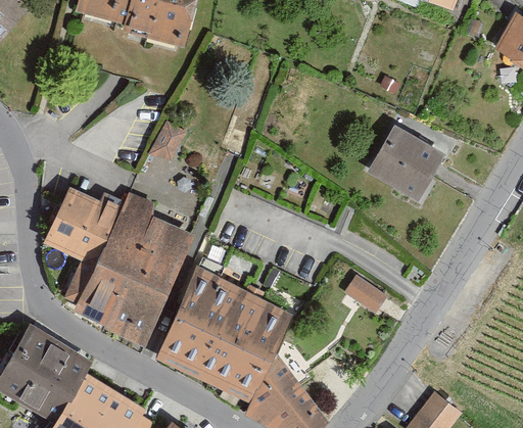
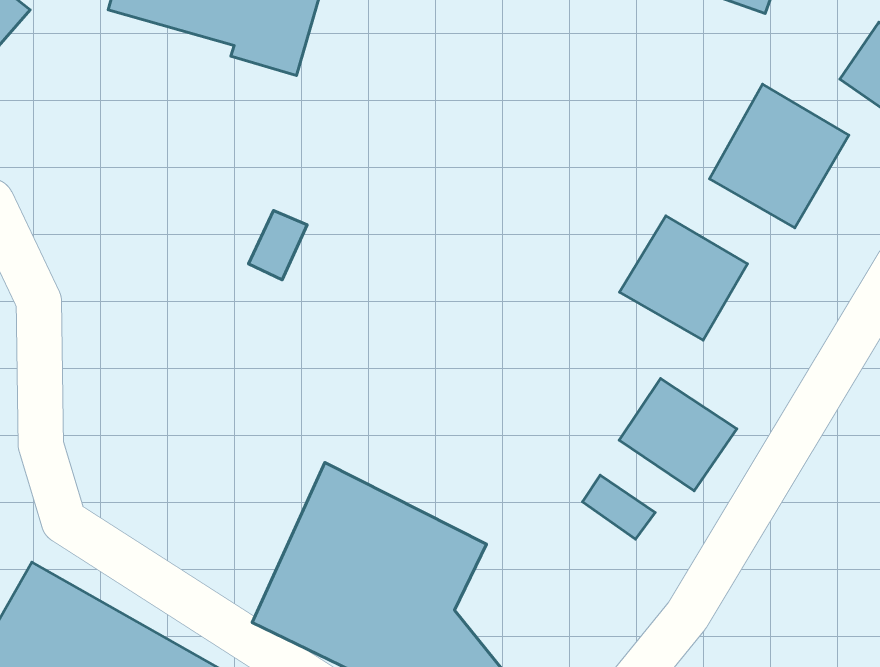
building: none -> [709,84,849,228]
building: [44,188,196,346] -> none
building: none -> [619,379,737,491]

